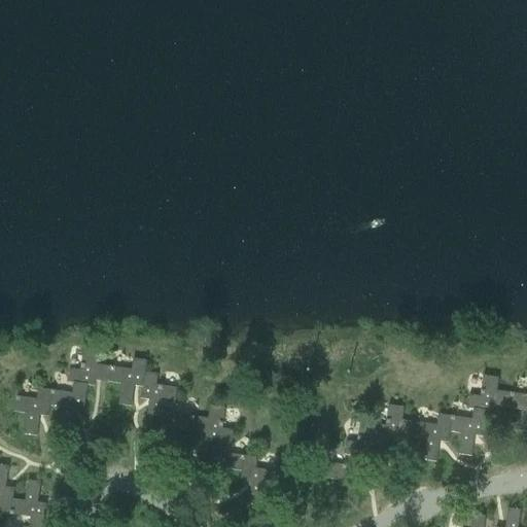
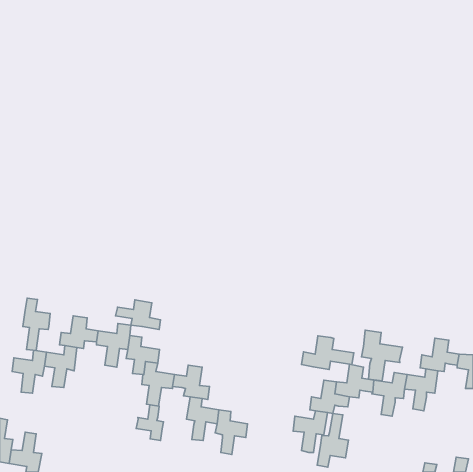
building: none -> [23,298,50,351]
building: none -> [115,300,161,329]
building: none -> [361,330,402,381]
building: none -> [302,336,354,369]
building: none -> [136,405,164,440]
building: none -> [317,413,349,467]

